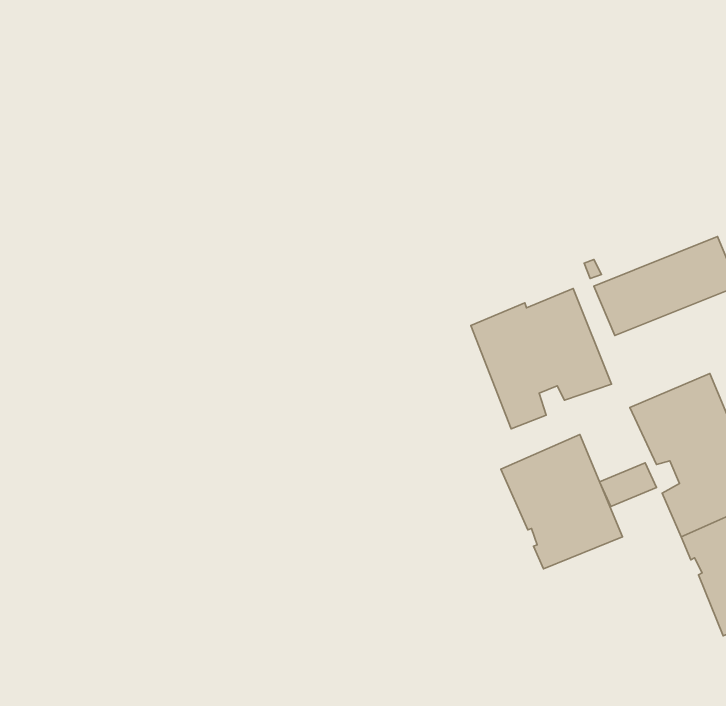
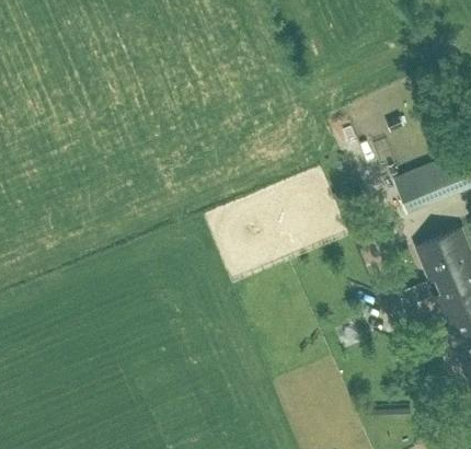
building: [471,288,612,429] -> none
building: [501,435,623,569] -> none

